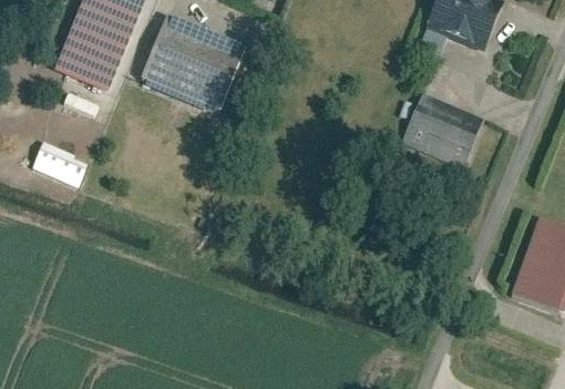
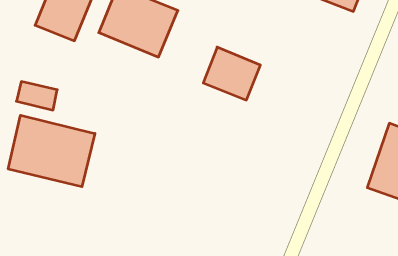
building: [404,93,482,165] -> [203,47,260,100]
building: none -> [8,115,95,187]

